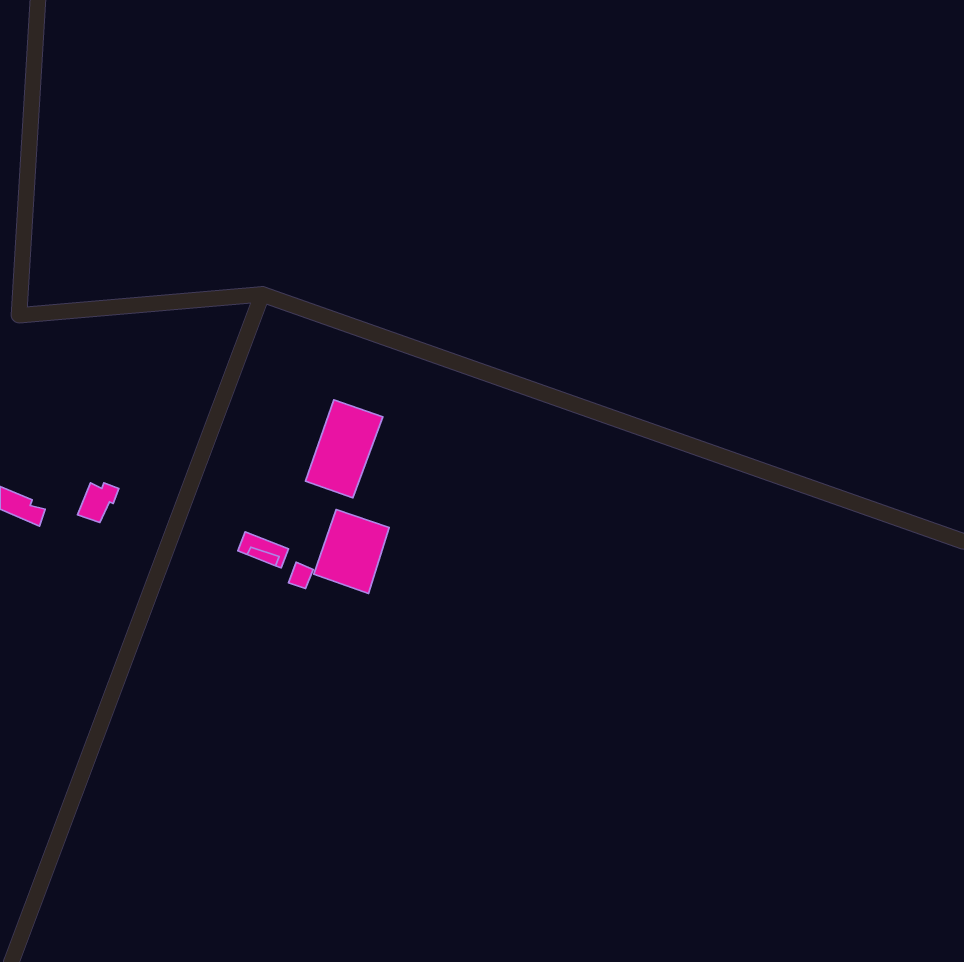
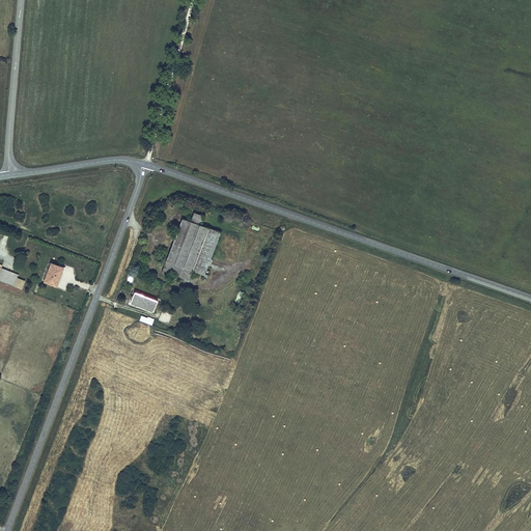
building: [314,510,389,593] -> none

